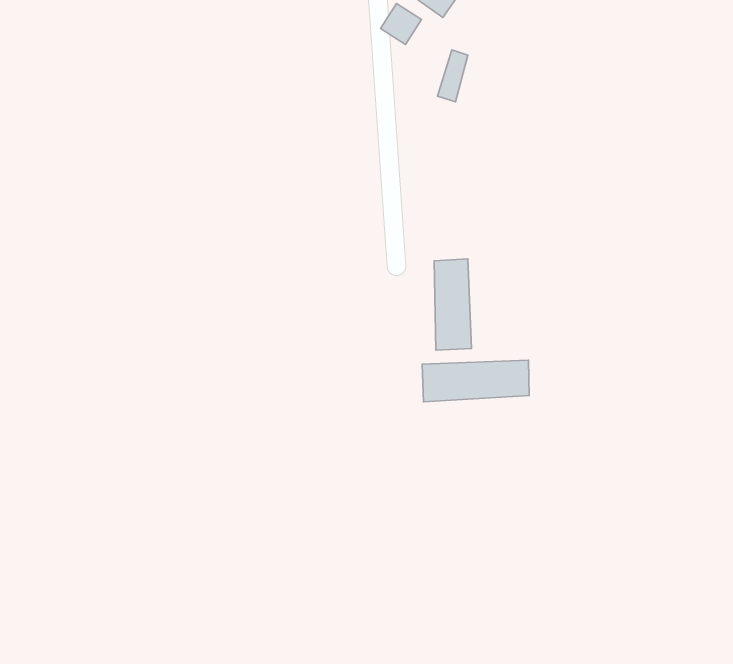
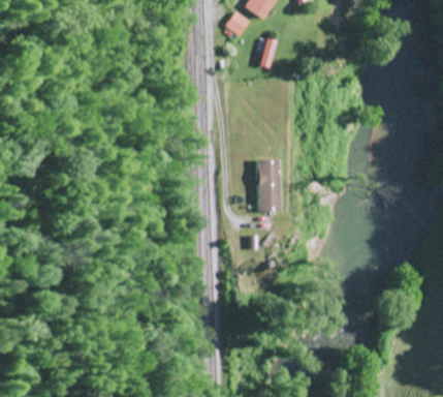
building: [422,360,529,402] -> none

